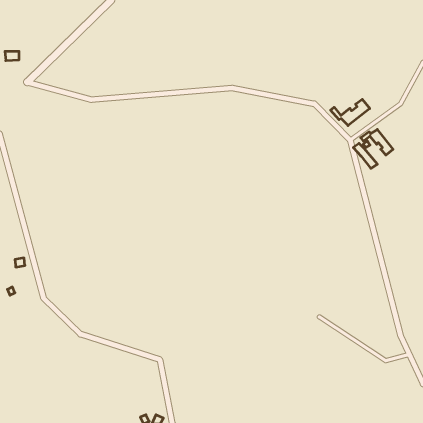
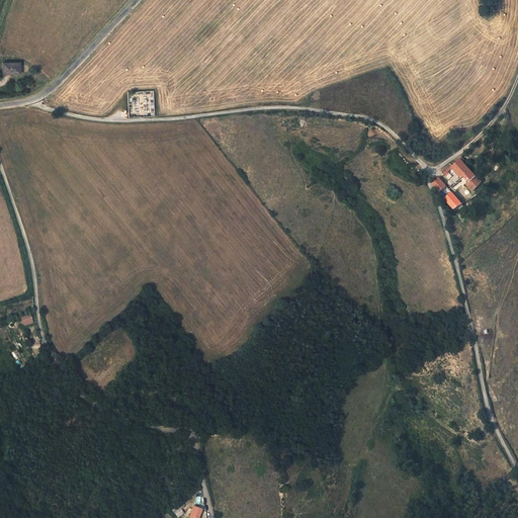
building: [331,99,370,126] -> none

